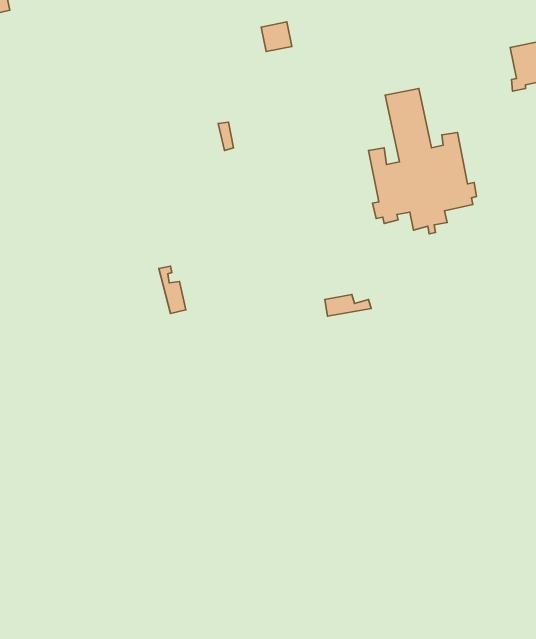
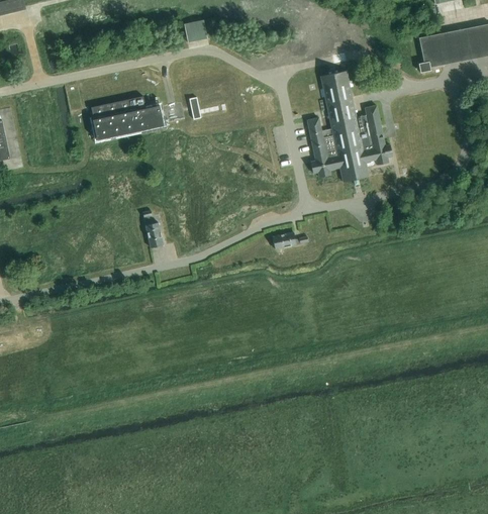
building: [261,22,292,52] -> [184,19,208,42]
building: none -> [91,97,164,139]

